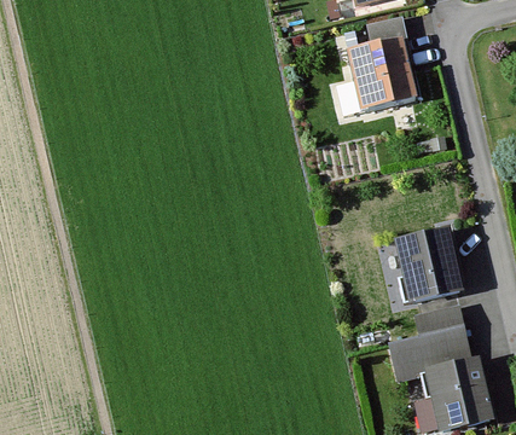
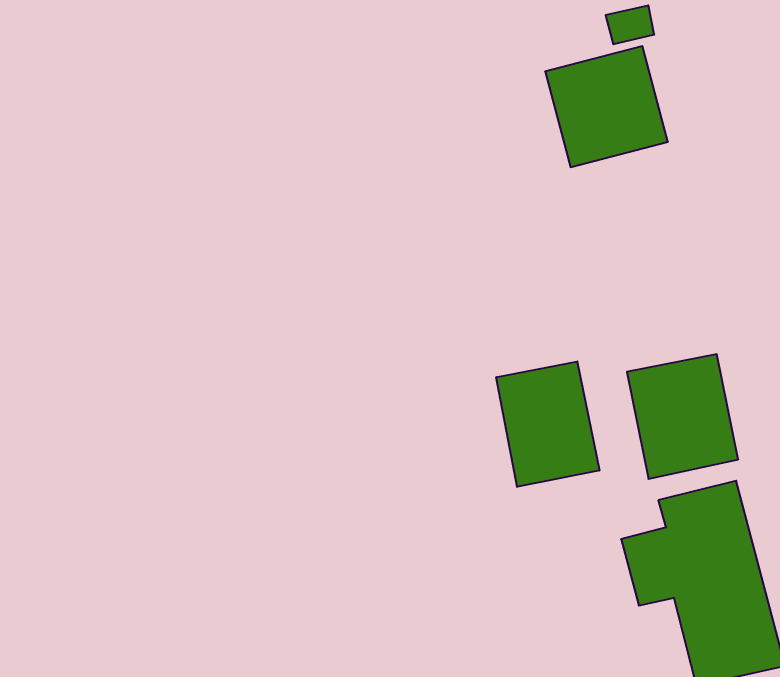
building: none -> [496,361,599,487]

